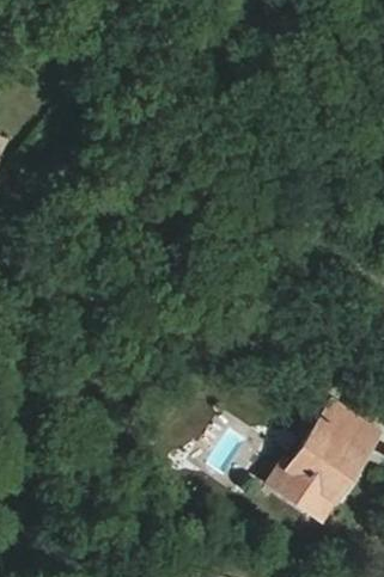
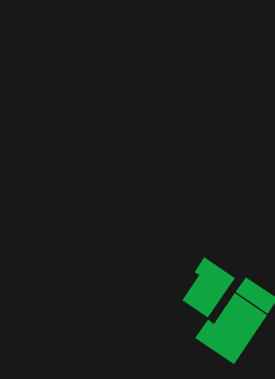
building: none -> [181,256,236,319]

